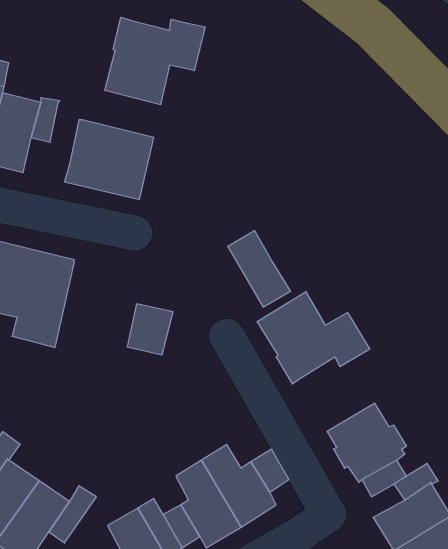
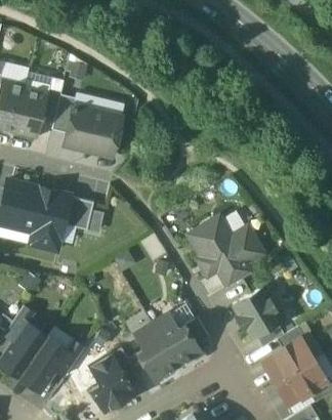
building: [105,17,205,105] -> none
building: none -> [51,93,76,133]
building: [228,231,290,307] -> none
building: [127,304,173,355] -> [64,197,93,229]
building: none -> [216,257,253,287]

